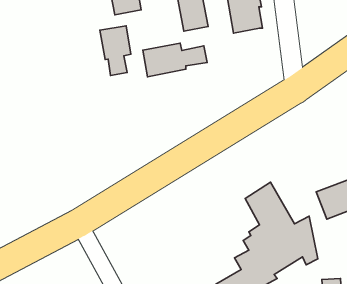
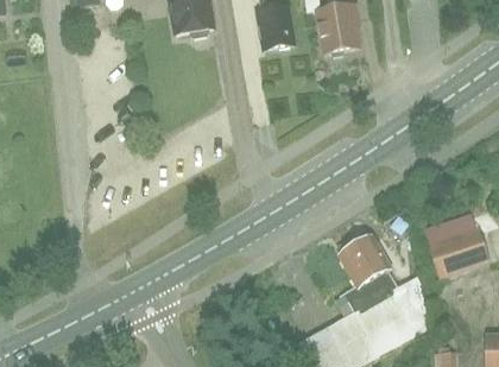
building: [100,26,131,75] -> none
building: [143,43,207,77] -> none

